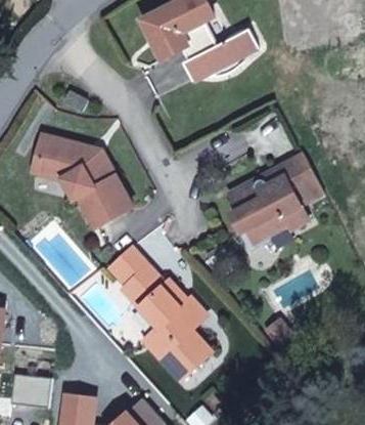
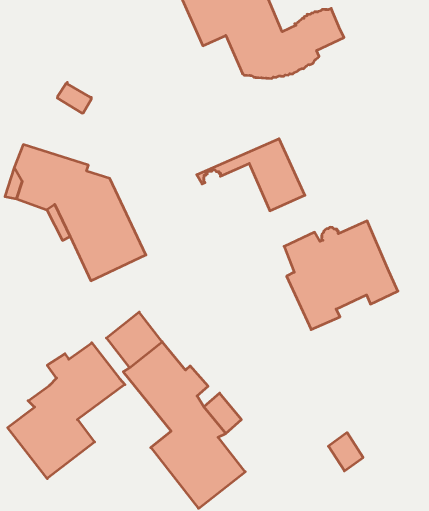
building: [247,154,323,204] -> [197,139,305,211]
building: none -> [8,343,125,479]

